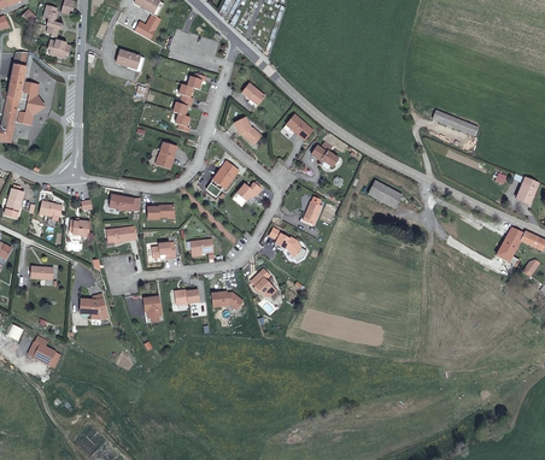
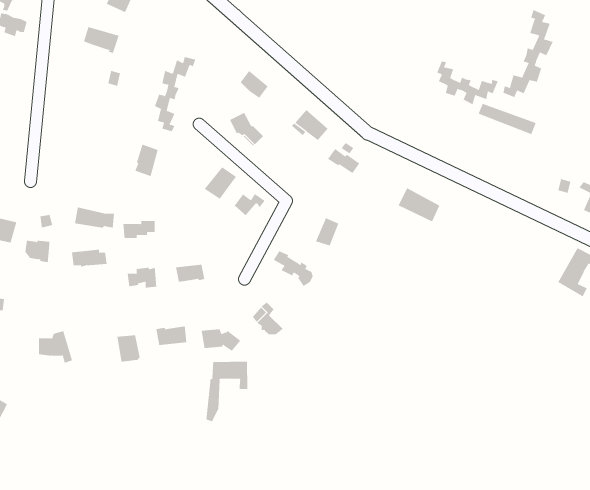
building: none -> [503,9,554,98]
building: none -> [437,61,498,105]
building: none -> [206,361,248,422]

